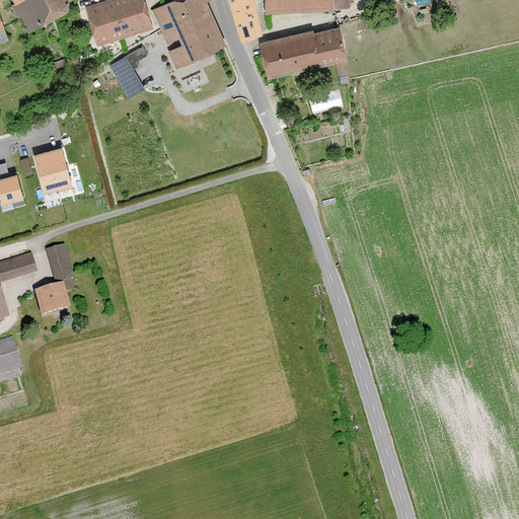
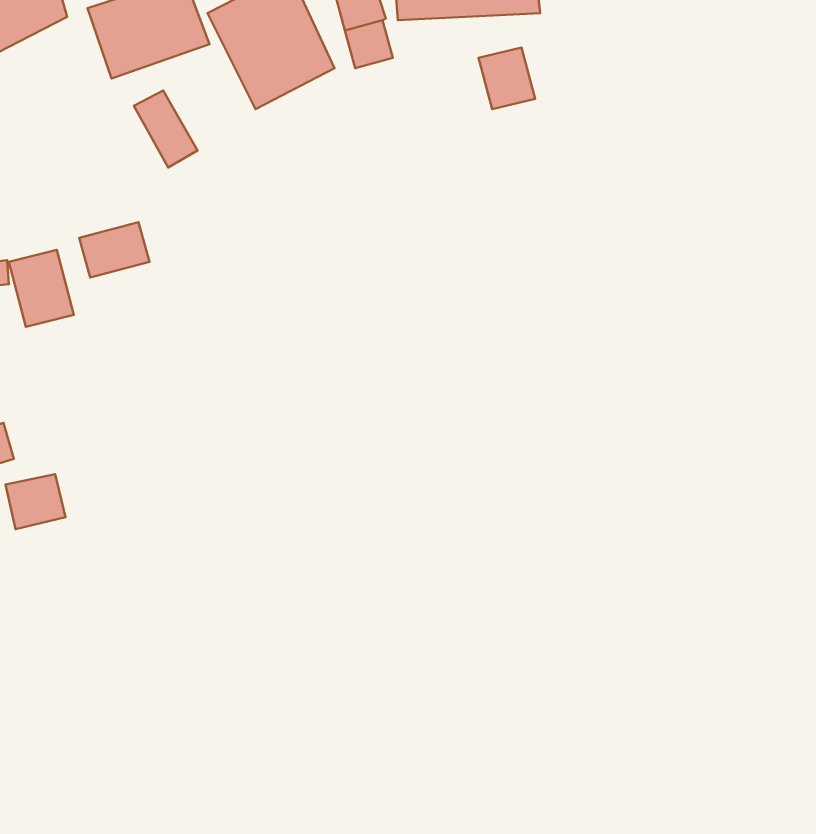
building: [258,31,320,80] -> none
building: none -> [79,222,150,278]
building: [45,243,73,278] -> none

